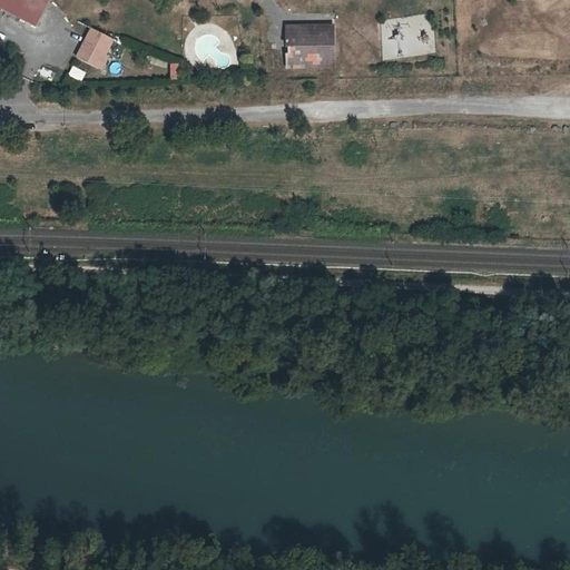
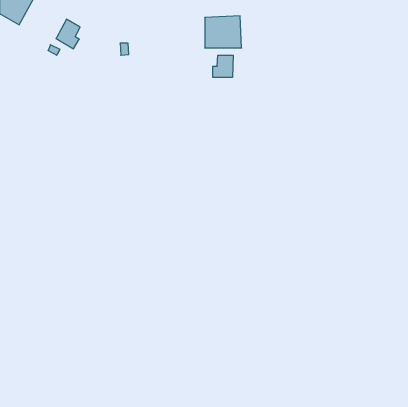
building: none -> [213,55,233,77]

